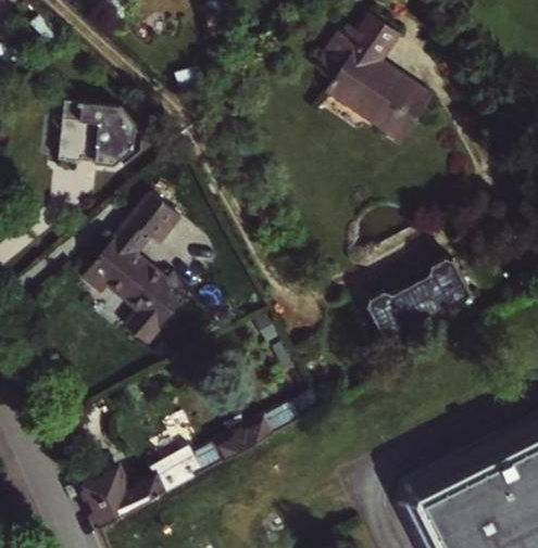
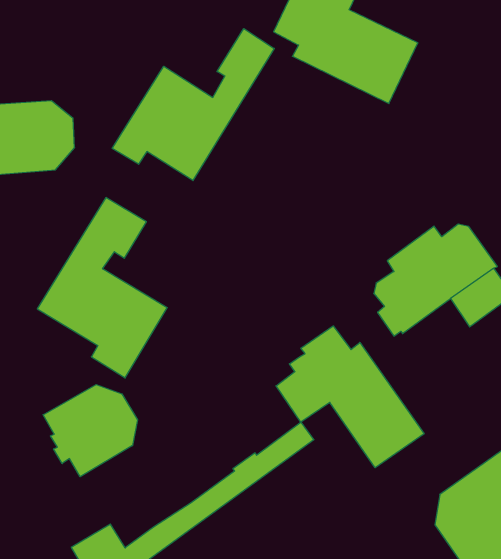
building: none -> [112,29,274,181]
building: none -> [276,326,424,468]
building: none -> [43,385,138,477]

